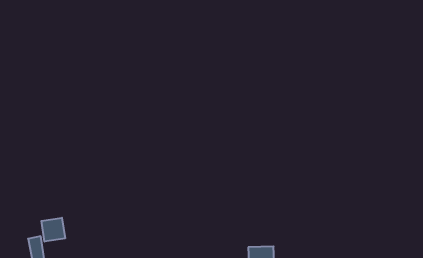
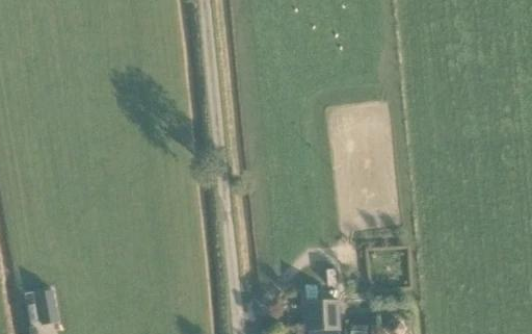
building: [41,218,65,242] -> none

